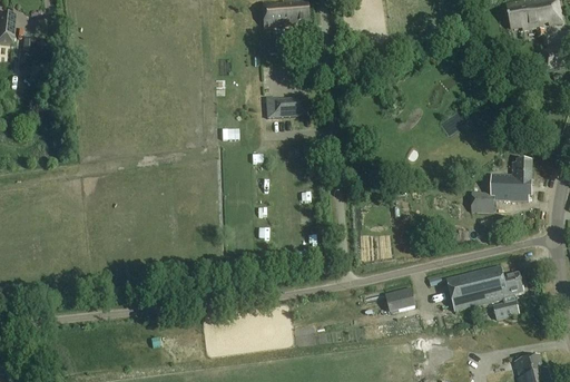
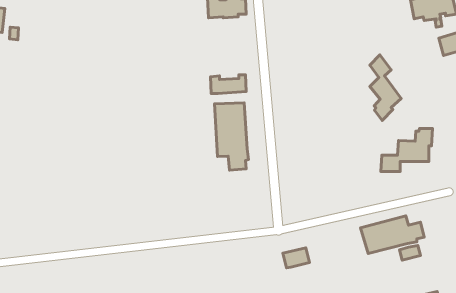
building: none -> [370,55,401,120]
building: none -> [215,103,248,170]
building: [385,287,417,312] -> [283,248,309,268]

